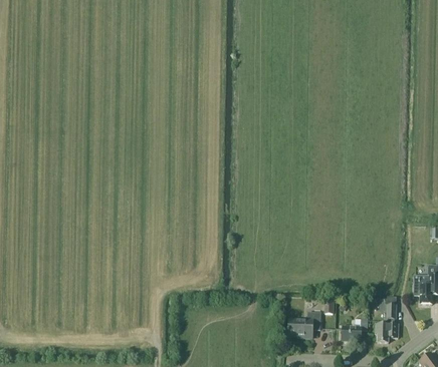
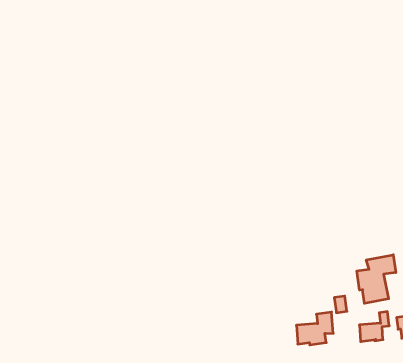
building: none -> [357,255,396,303]

